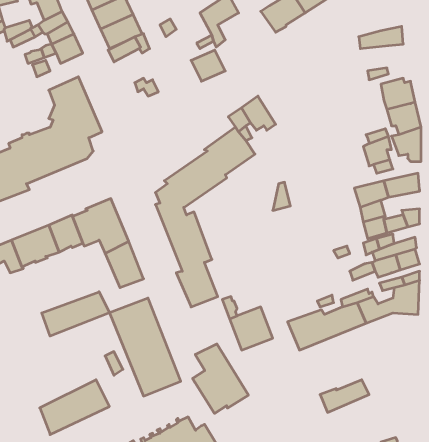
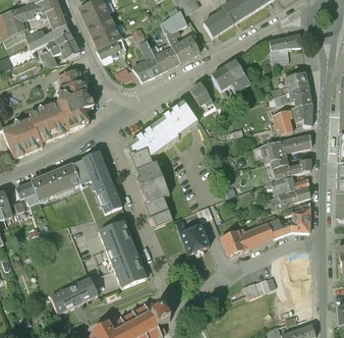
building: none -> [171,36,199,63]
building: none -> [131,42,161,80]
building: none -> [211,59,249,96]
building: [42,292,109,336] -> none
building: [193,344,248,413] -> none

